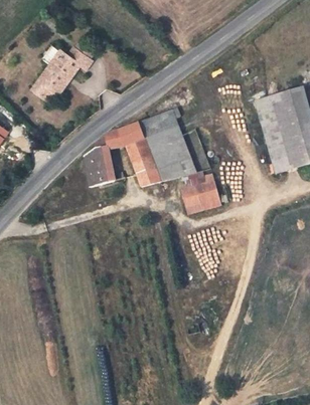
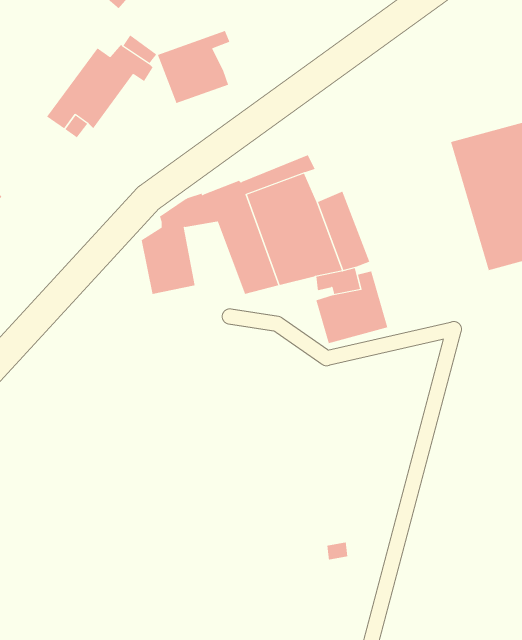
building: none -> [157,30,230,104]

